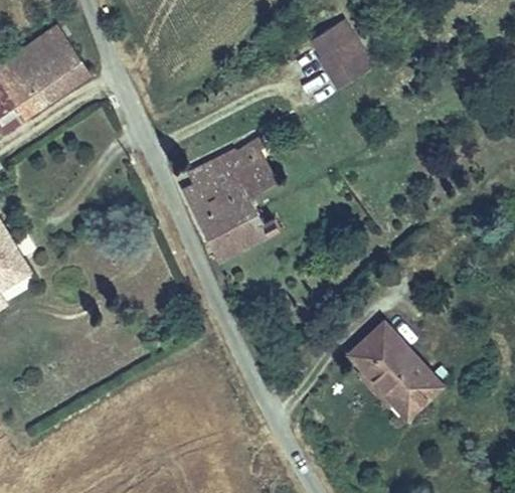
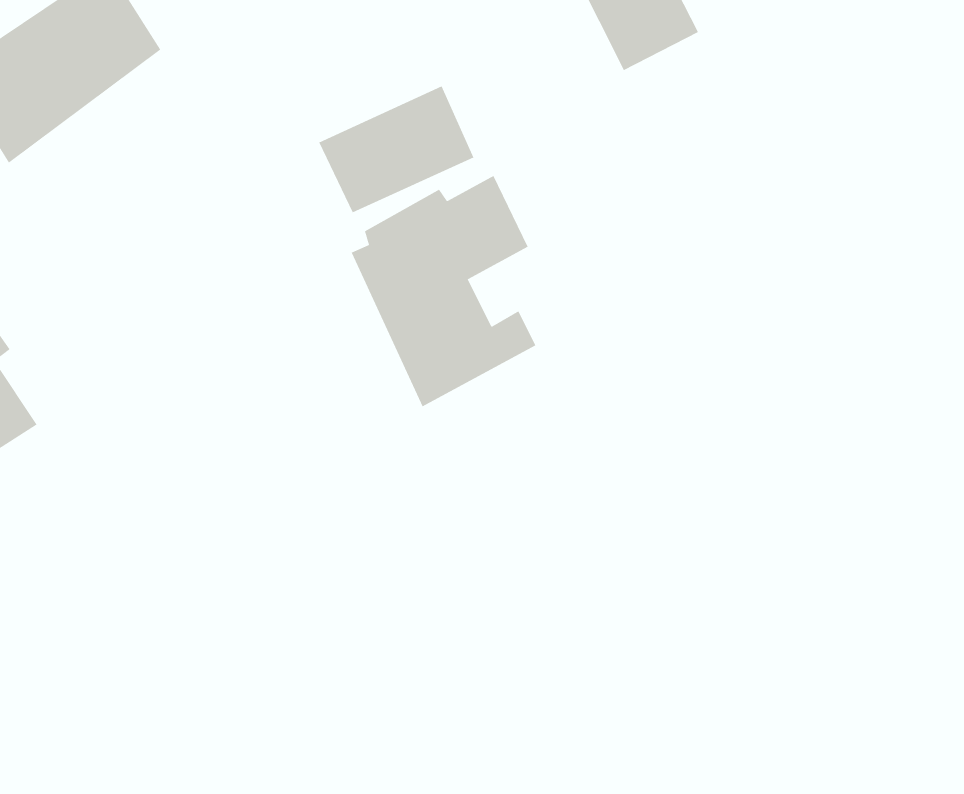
building: none -> [318,85,474,213]
building: [350,322,444,418] -> none

